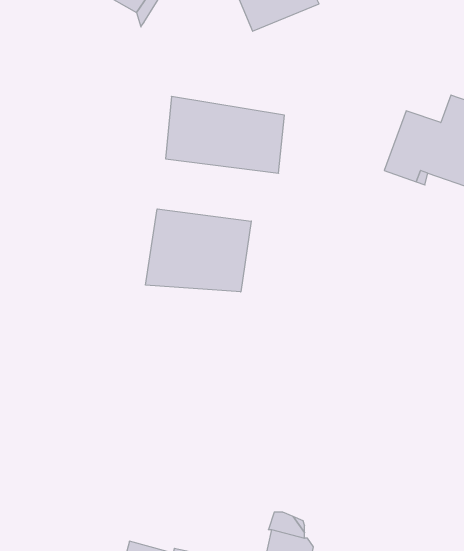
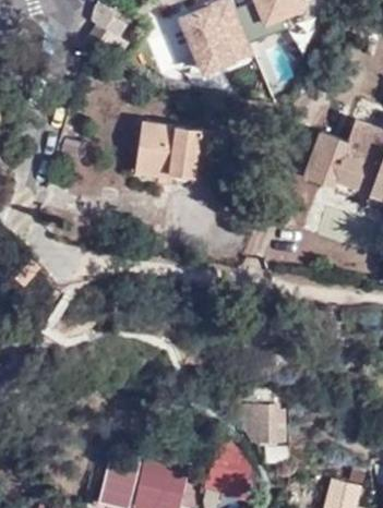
building: [146,209,251,292] -> none
building: none -> [241,407,285,442]

